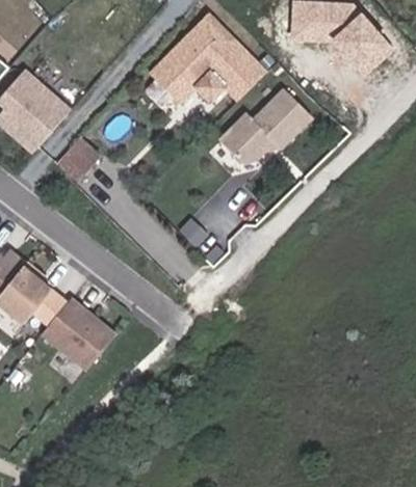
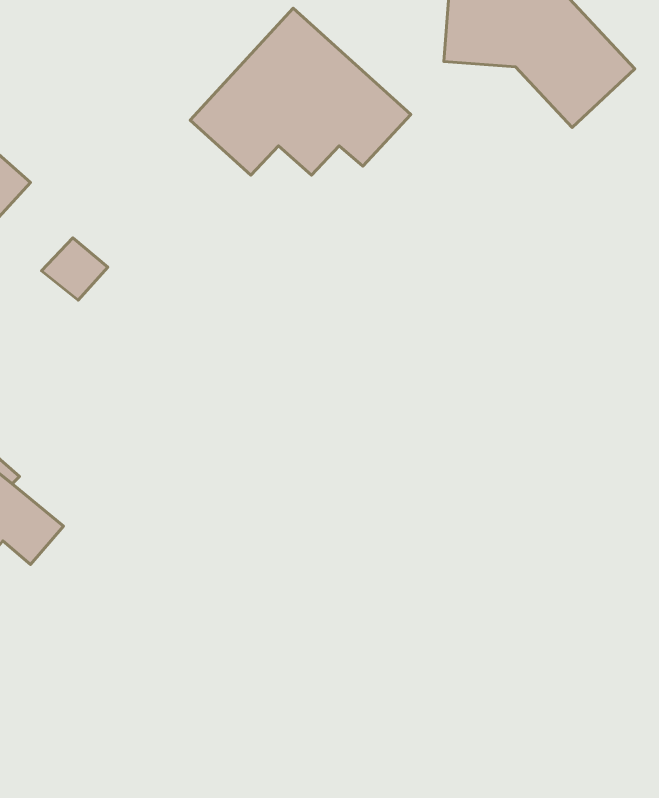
building: [222,88,312,163] -> none
building: [47,300,120,371] -> none

